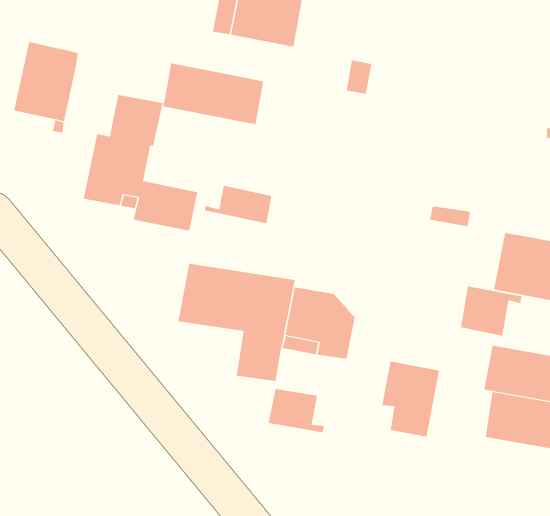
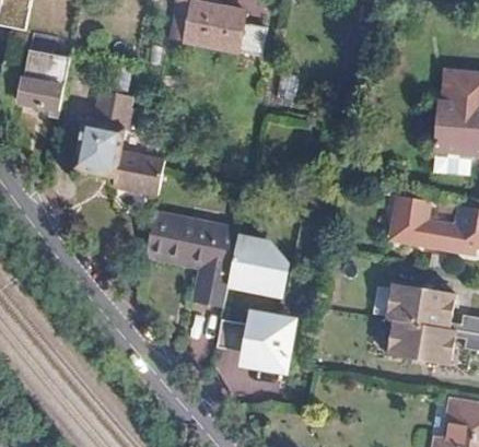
building: [163,63,264,125] -> none
building: [204,185,272,224] -> none
building: [460,285,522,337] -> none
building: [381,361,440,437] -> [250,310,296,370]

